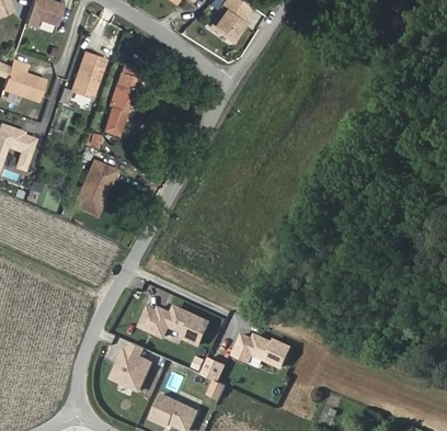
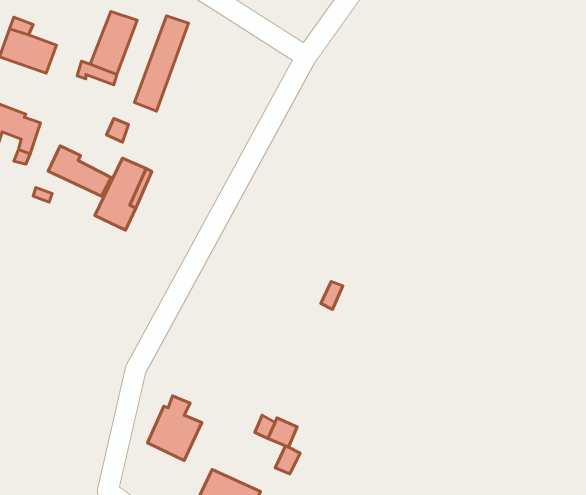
building: none -> [48,146,111,196]
building: [139,305,210,343] -> none
building: [232,330,289,361] -> none

